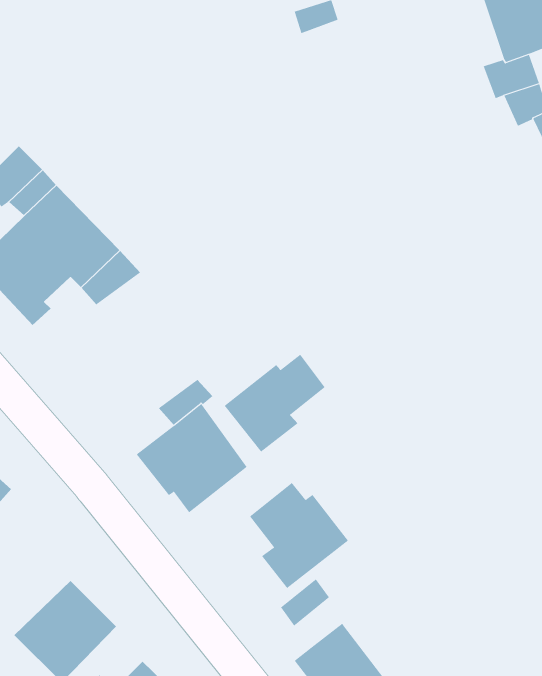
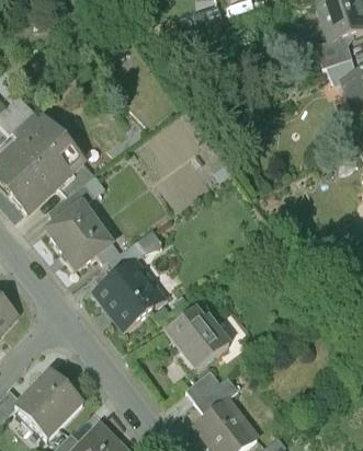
building: none -> [47,206,111,269]
building: [224,354,326,453] -> none
building: none -> [194,377,238,415]

